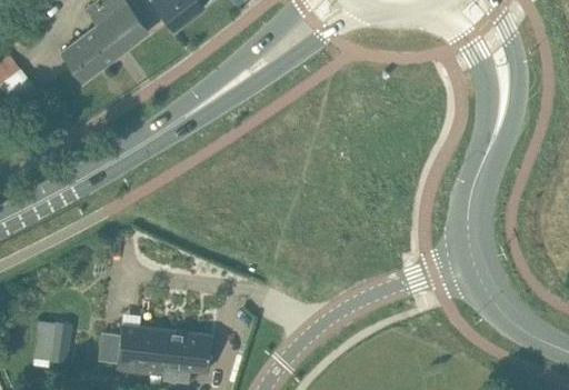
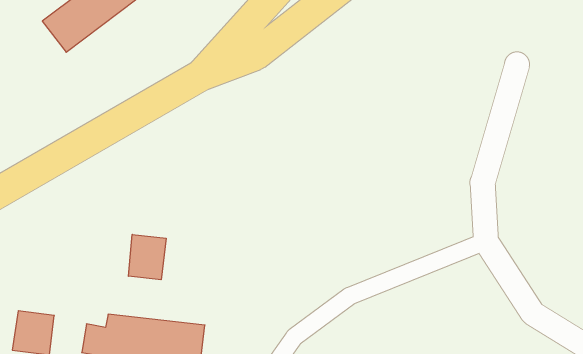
building: none -> [128,234,166,280]

